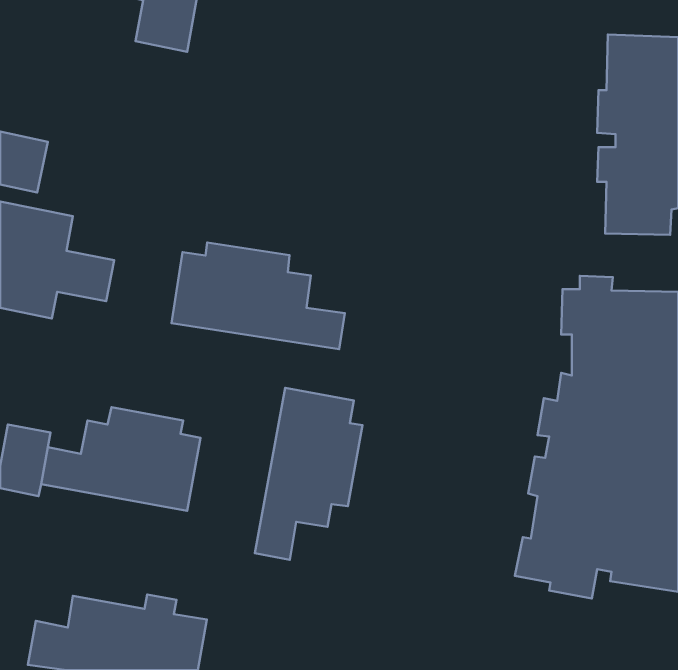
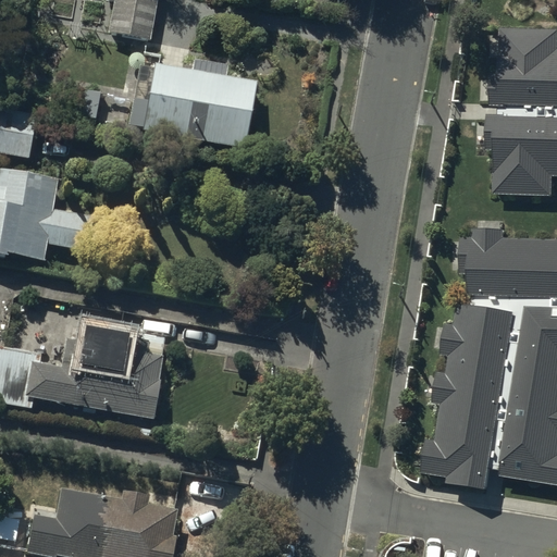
building: none -> [127,64,250,143]
building: [171,243,345,349] -> none
building: [255,388,363,560] -> none

